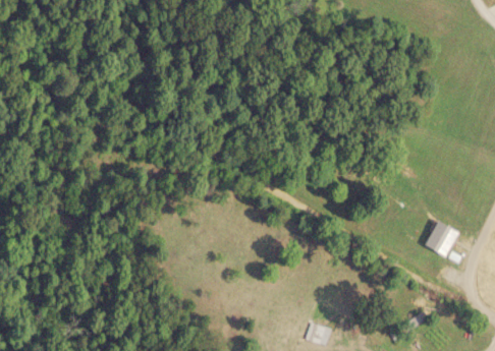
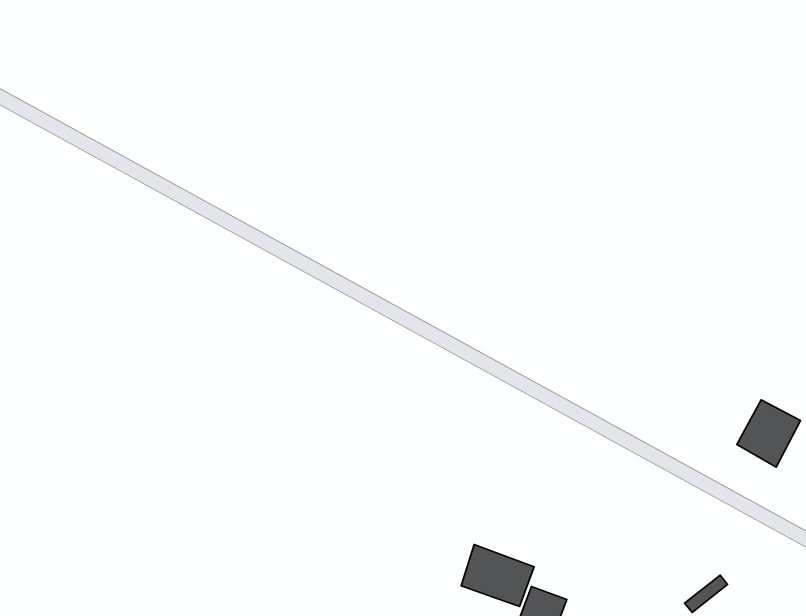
building: none -> [461,545,534,607]

